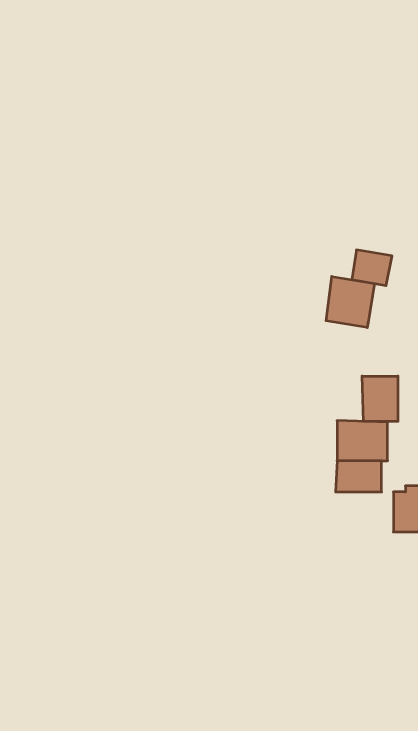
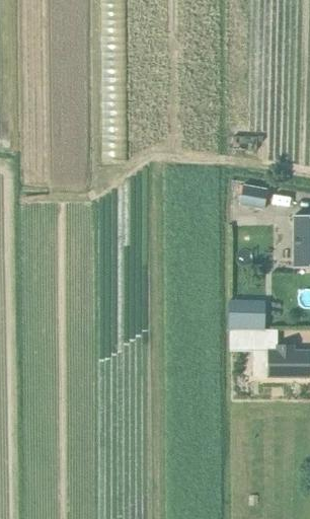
building: [326,276,375,328] -> none
building: [362,376,398,421] -> none

